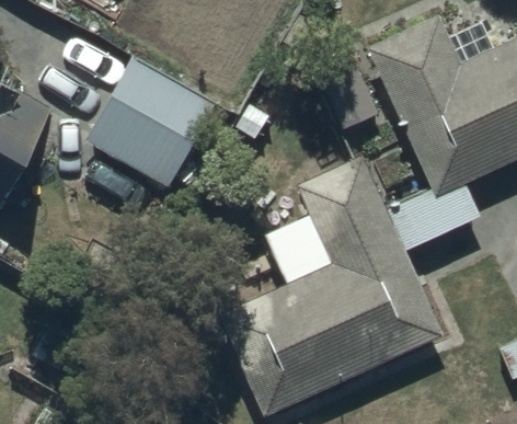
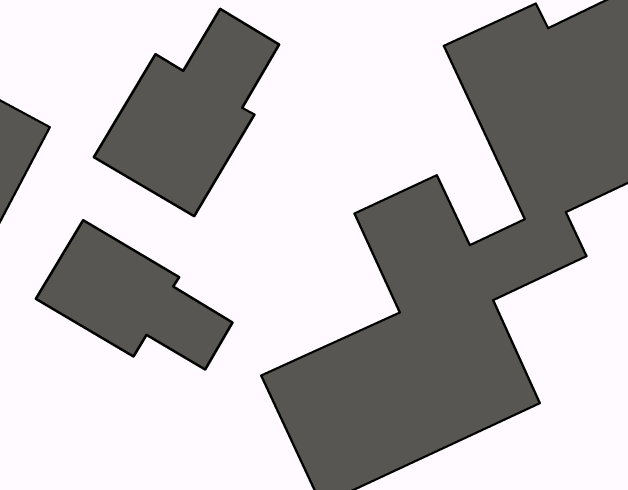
building: none -> [36,220,233,369]

